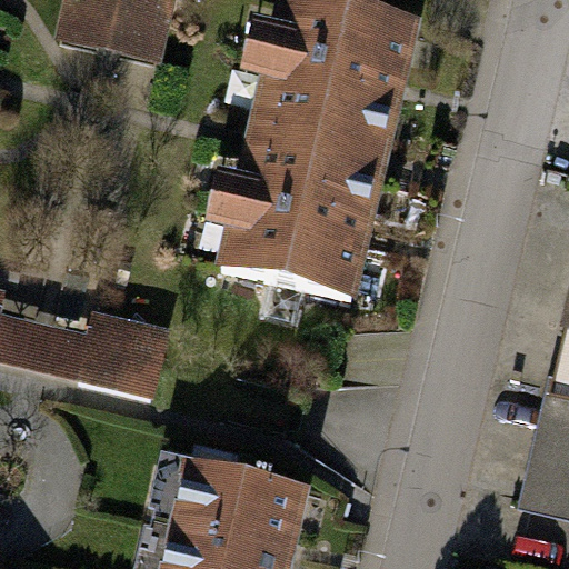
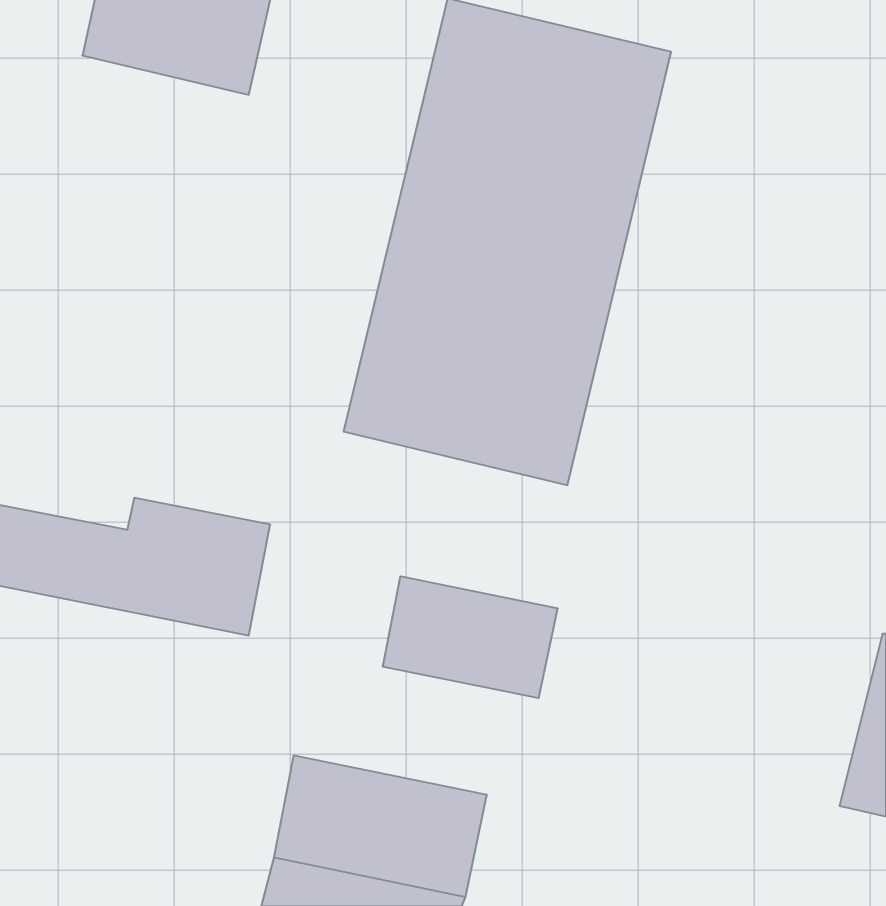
building: none -> [383,576,558,698]

